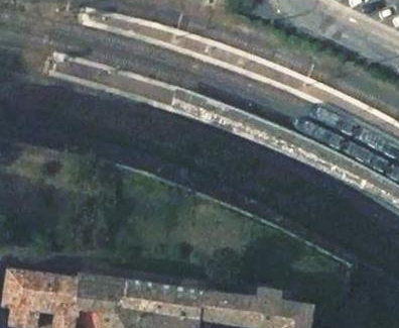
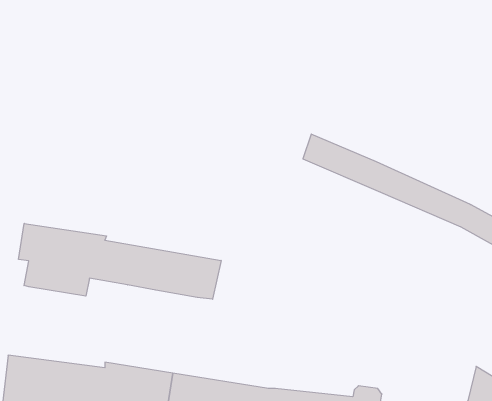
building: none -> [19,223,221,299]

